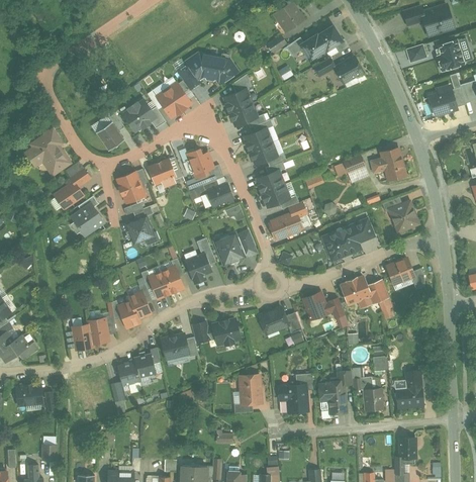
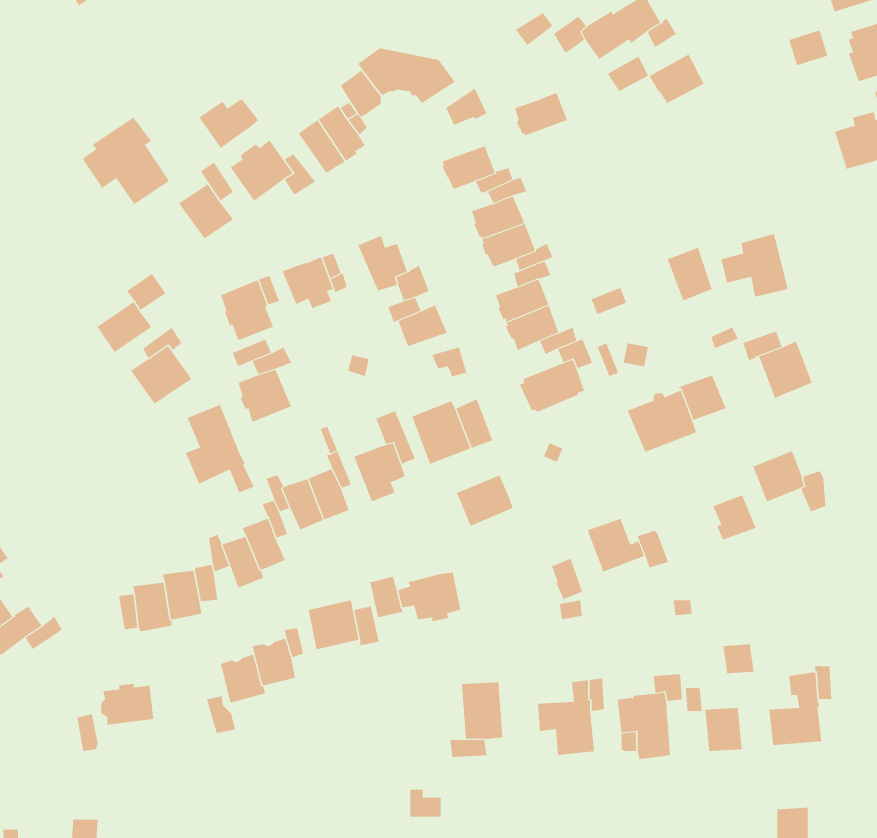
building: none -> [199,98,259,149]
building: [224,89,252,111] -> [514,92,568,136]
building: [25,130,70,175] -> [82,117,170,205]
building: none -> [185,404,255,493]
building: [341,277,371,304] -> none
building: [259,307,288,333] -> [456,475,514,527]
building: [15,384,42,405] -> [100,683,154,725]

